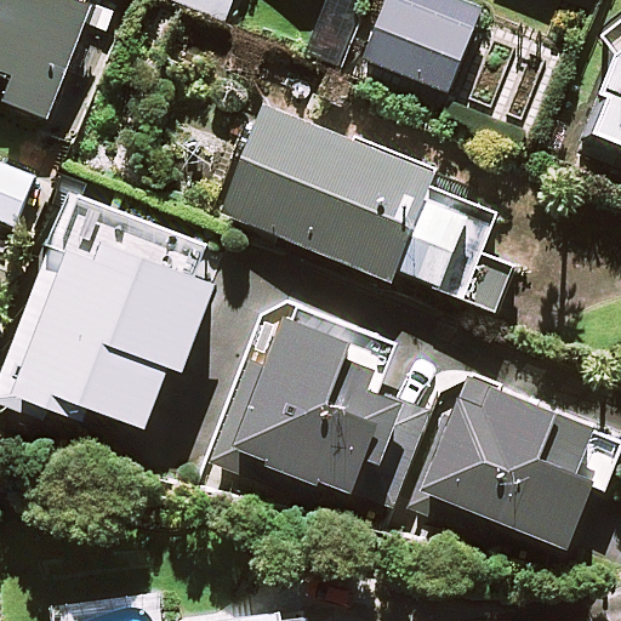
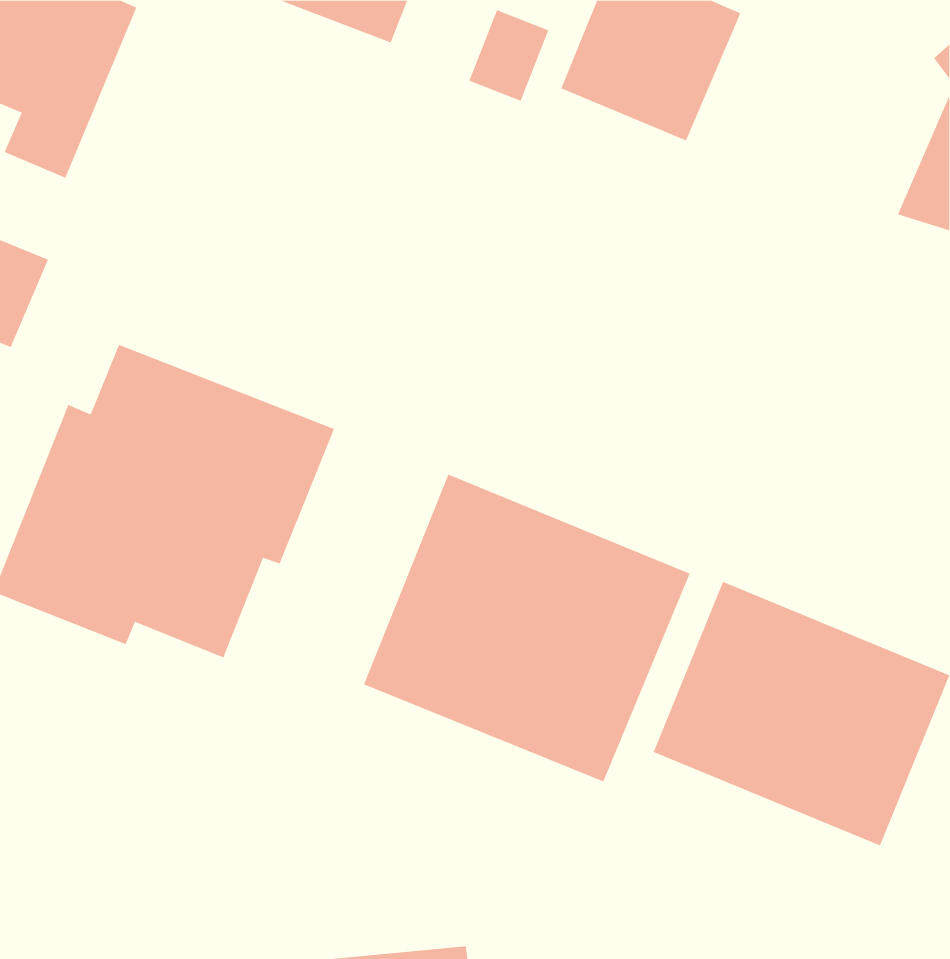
building: [221,106,523,308] -> none

